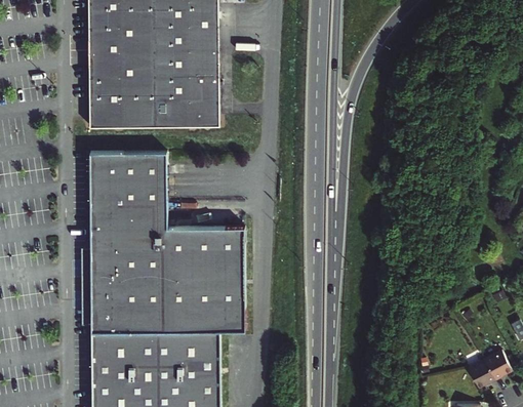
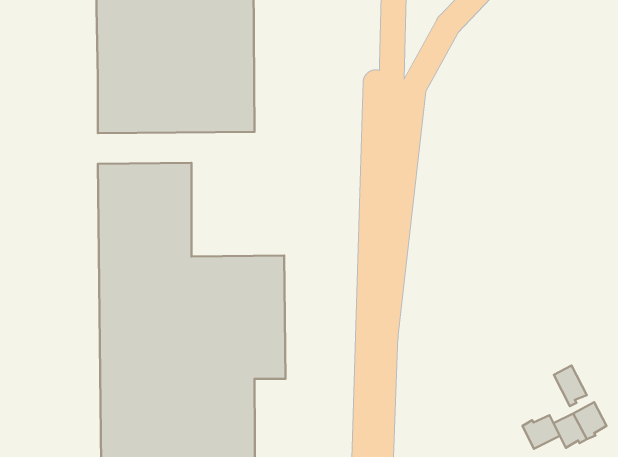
building: none -> [554,366,587,406]
building: none -> [522,415,560,449]

